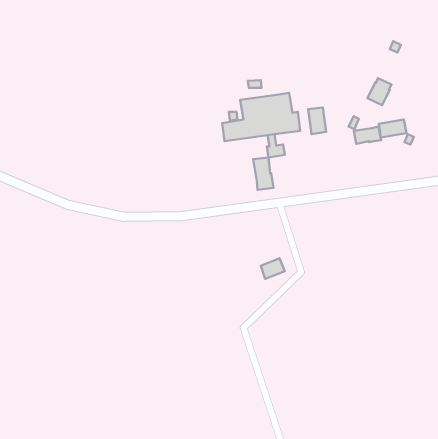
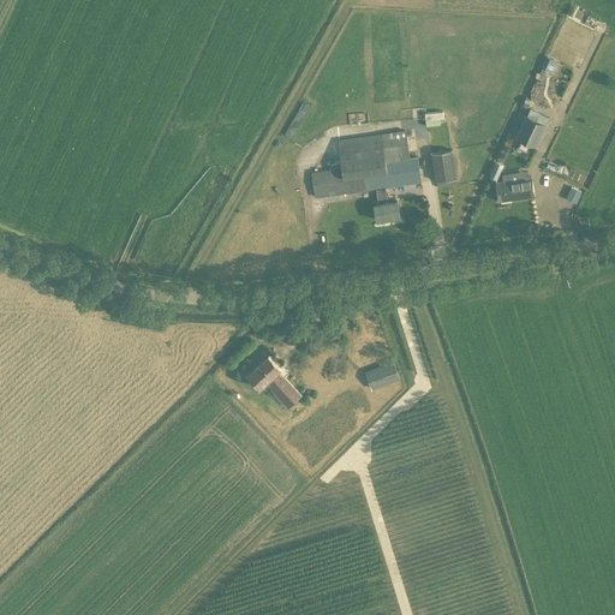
building: [379,120,407,138] -> none
building: [253,158,274,190] -> none
building: none -> [246,357,298,408]

